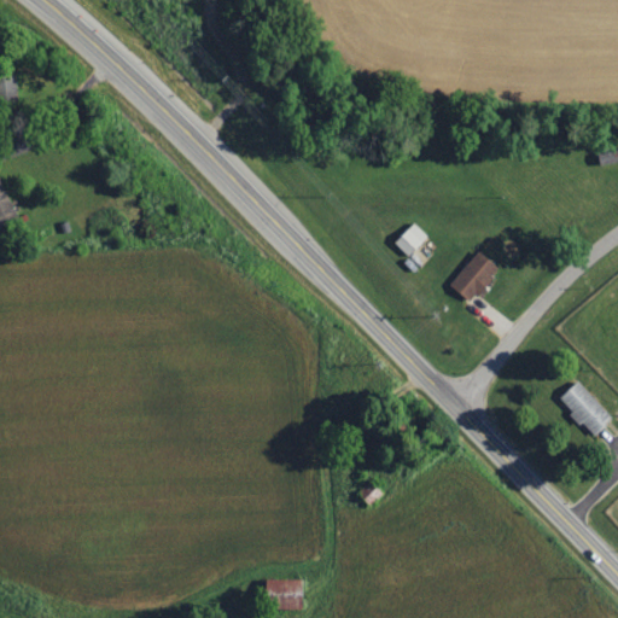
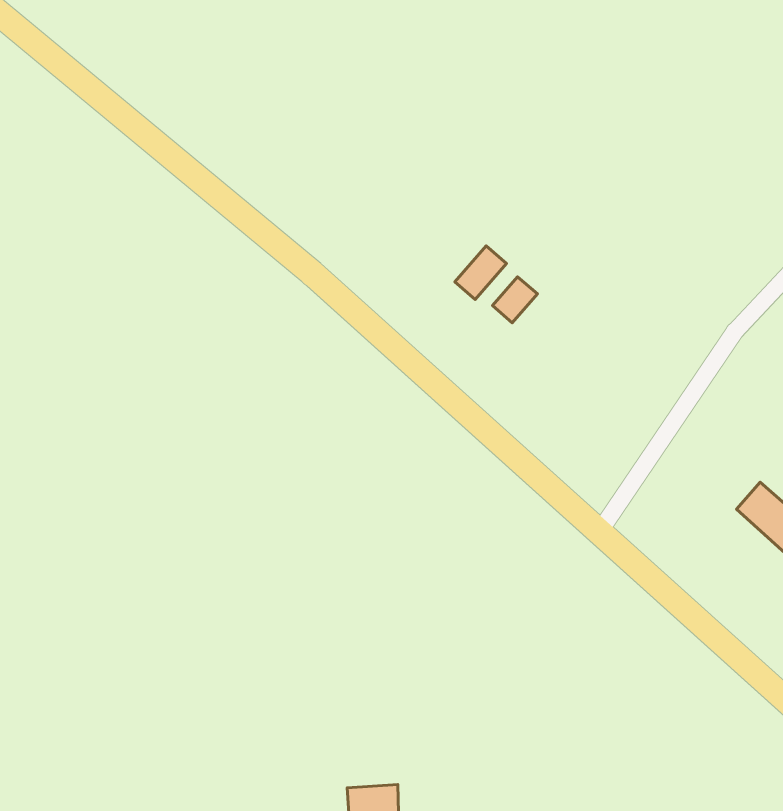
building: none -> [455,246,506,299]
building: [449,251,500,302] -> none

